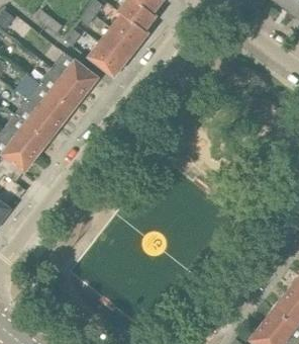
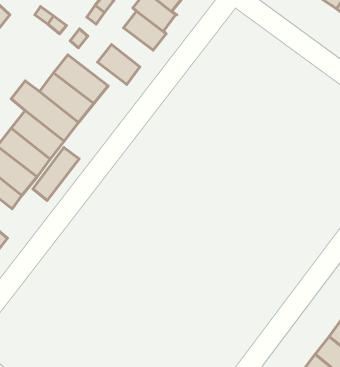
building: [101,28,136,62] -> none
building: none -> [33,148,79,201]

